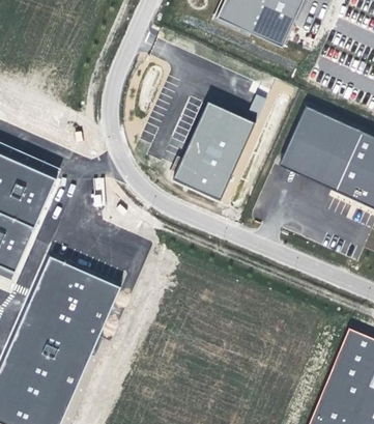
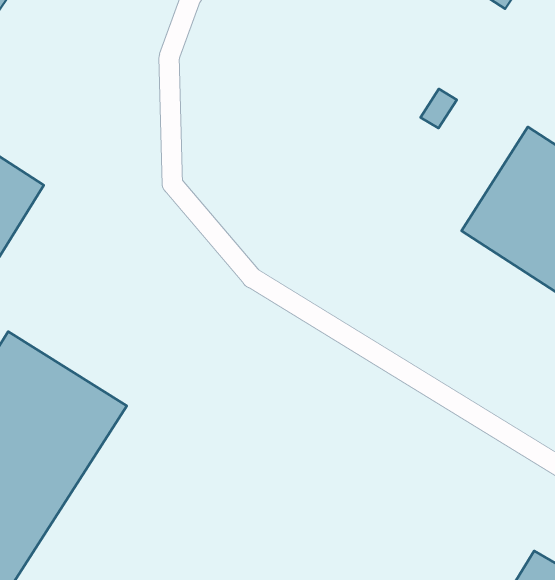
building: [174,102,256,201] -> none

